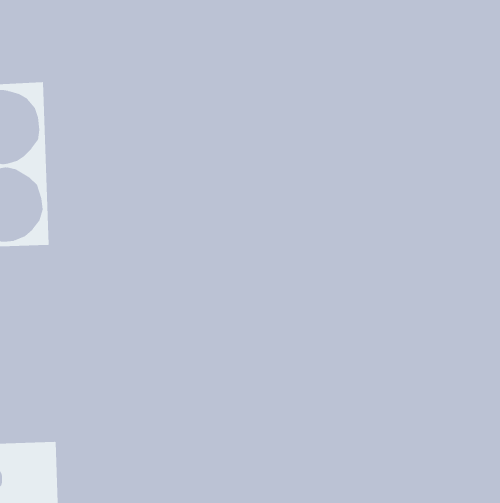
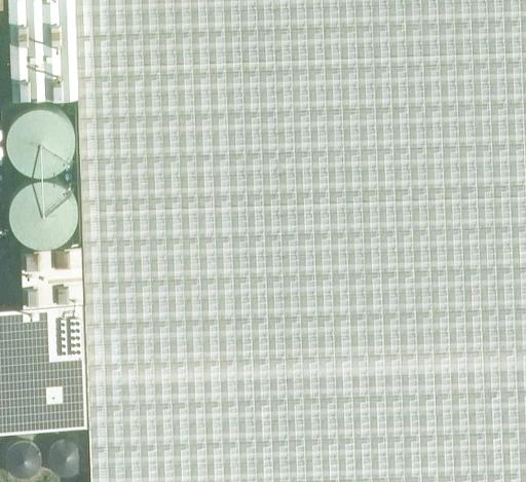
building: none -> [48,439,84,474]

